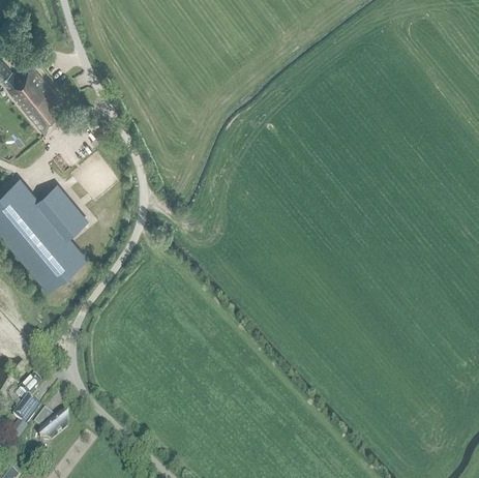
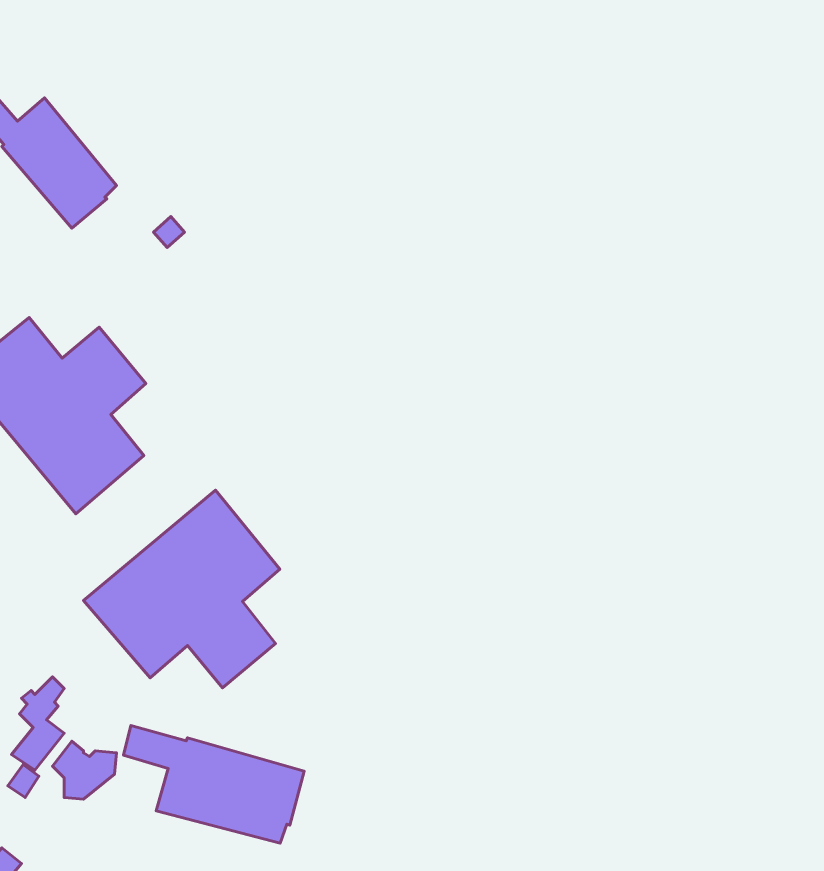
building: none -> [84,490,280,688]
building: none -> [123,725,304,843]

